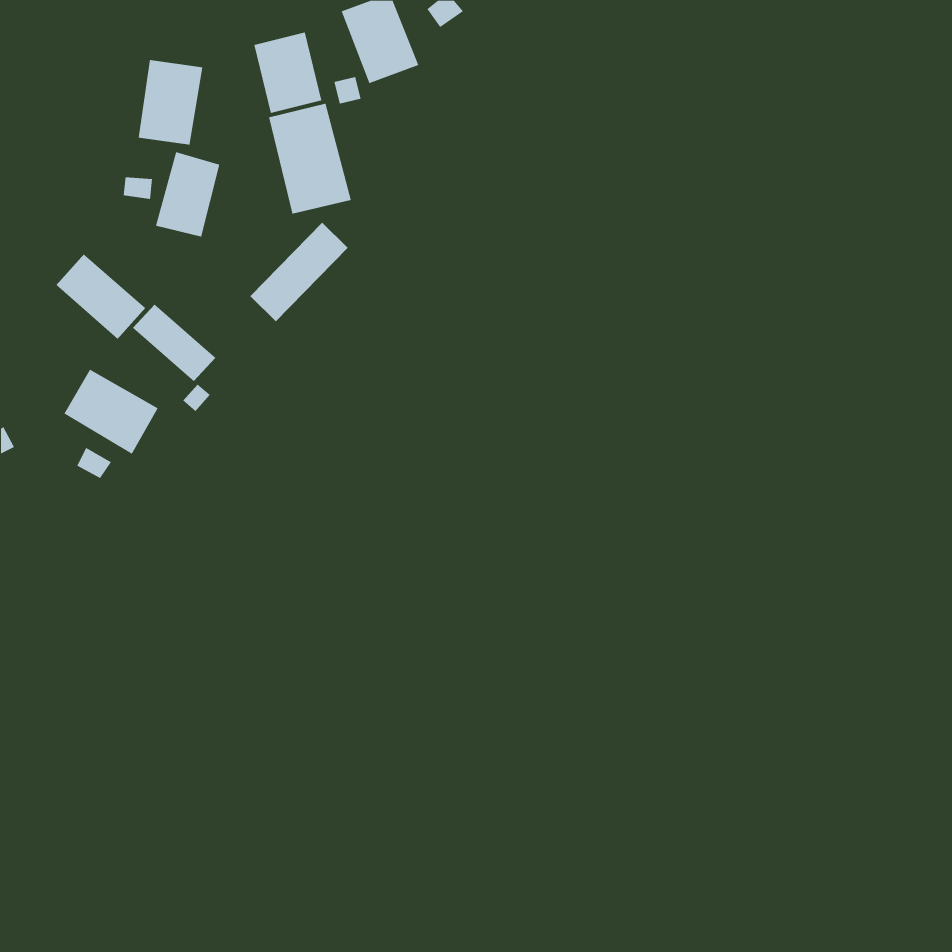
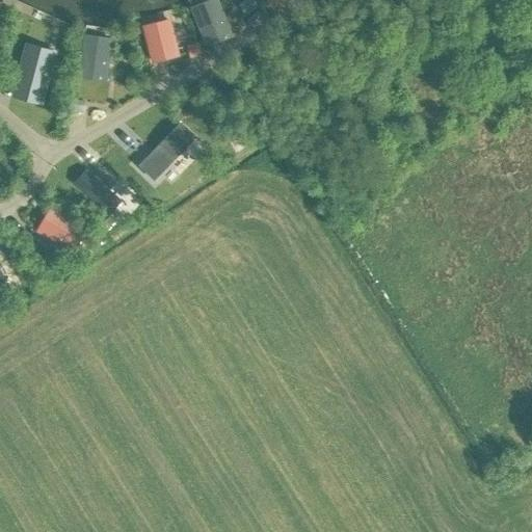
building: [269,103,352,215] -> none
building: [155,151,220,237] -> [15,54,51,102]
building: [56,253,146,340] -> none

